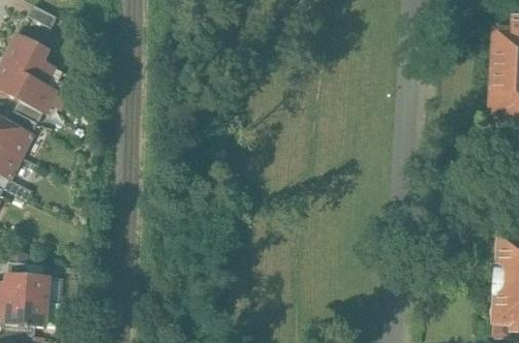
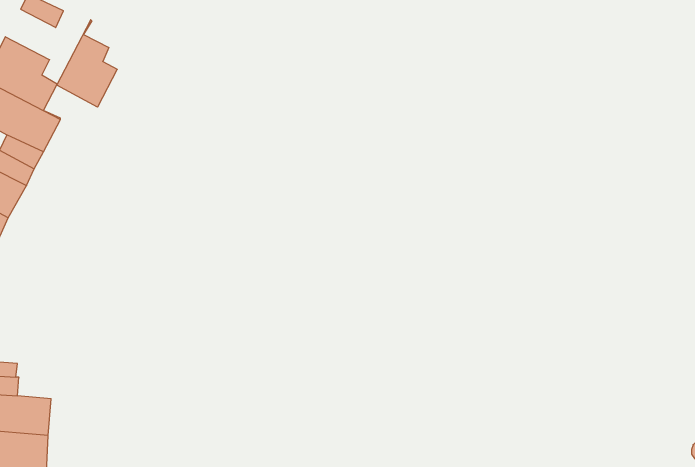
building: none -> [57,20,117,107]

